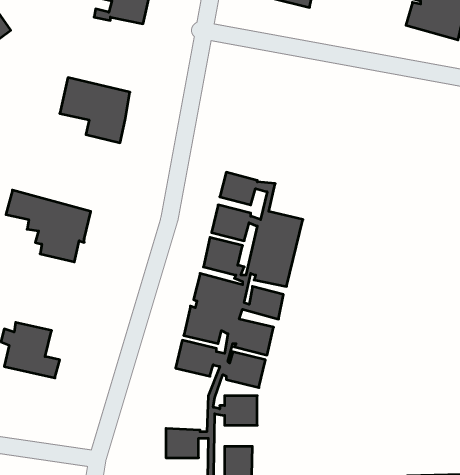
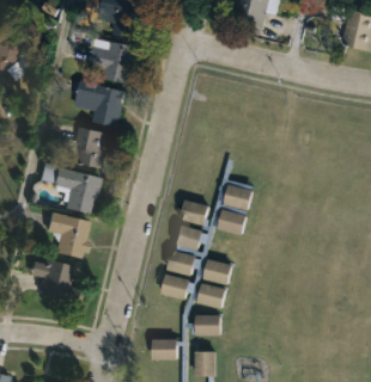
building: none -> [90,39,136,86]
building: none -> [62,128,107,171]
building: none -> [43,214,86,259]

